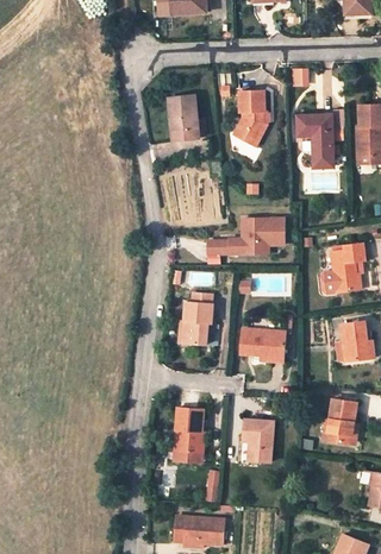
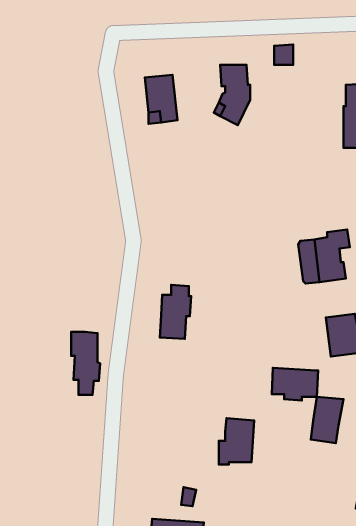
building: [296,114,333,168] -> none
building: [207,218,285,253] -> none
building: [241,329,285,360] -> [272,368,318,401]
building: [175,407,202,466] -> [71,332,100,395]

